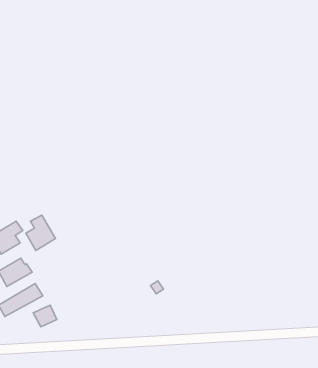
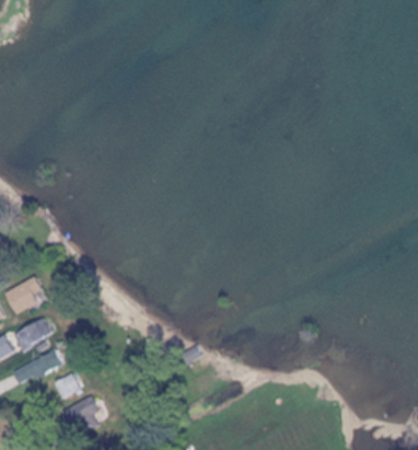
building: [26,215,56,250] -> none
building: none -> [66,399,105,427]

